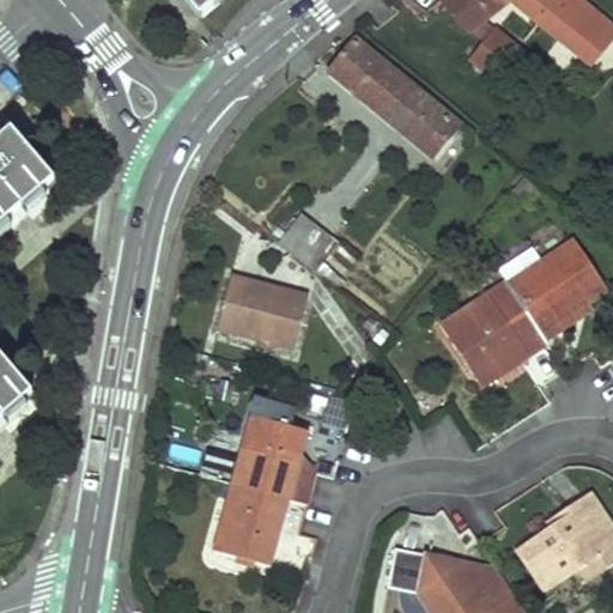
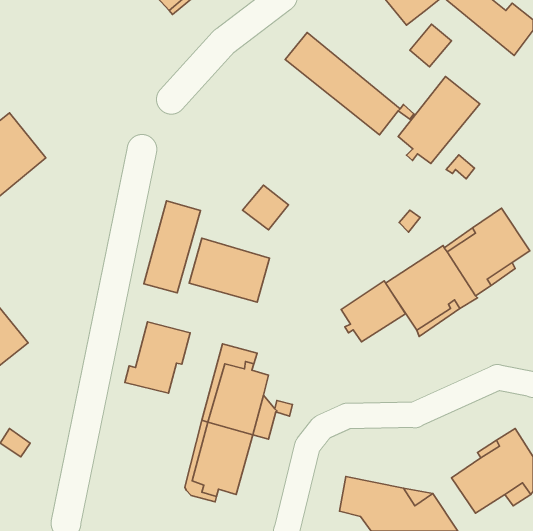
building: none -> [398,77,480,164]
building: none -> [144,201,200,293]
building: none -> [341,281,406,342]
building: none -> [125,322,190,393]

